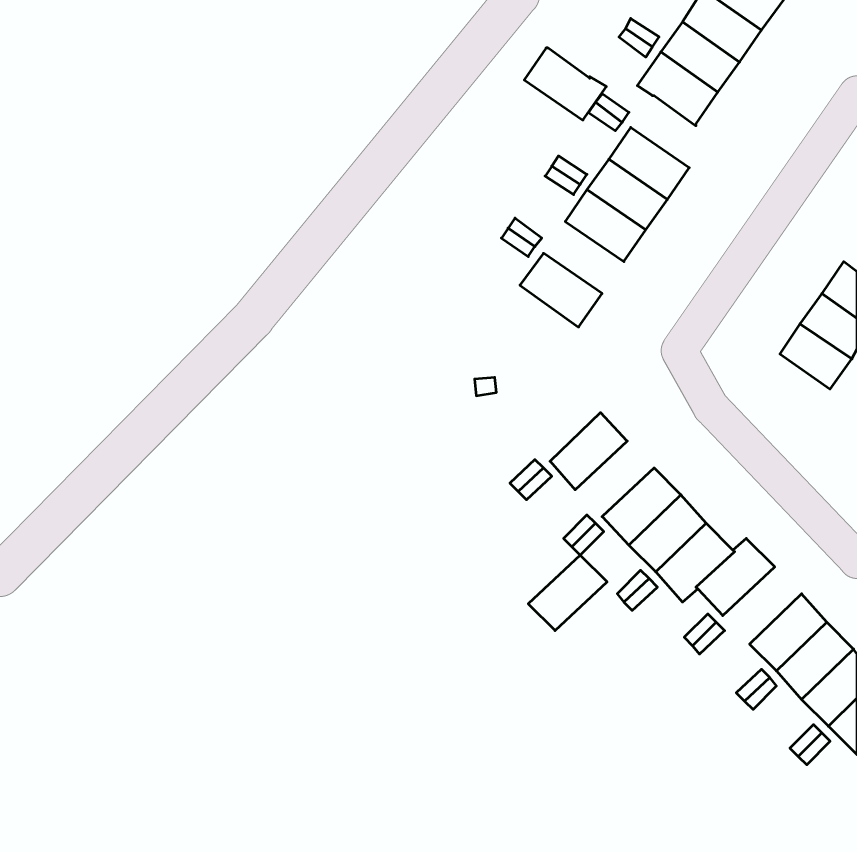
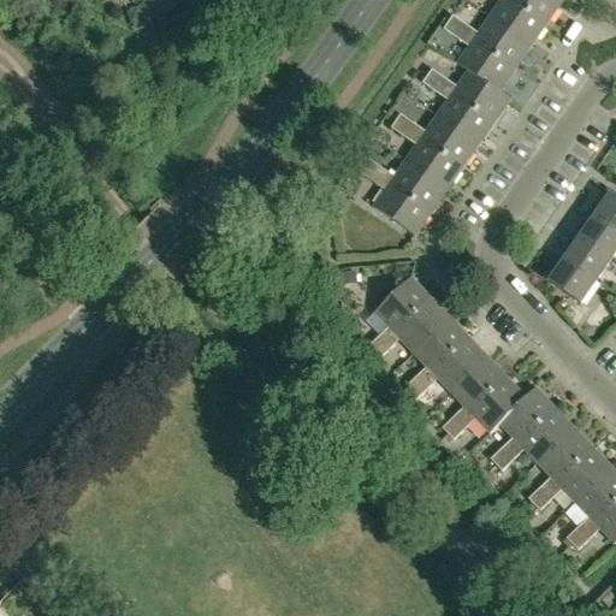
building: [524,48,606,120] -> [452,69,511,120]
building: none -> [390,159,448,211]
building: none -> [544,254,596,302]
building: none -> [374,276,431,331]
building: [528,555,607,631] -> [413,316,469,371]
building: none -> [519,407,575,462]

